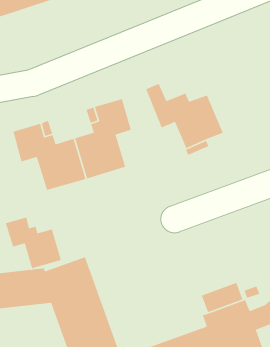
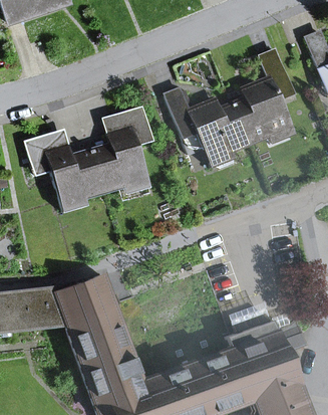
building: none -> [232,52,293,144]
building: [5,216,62,269] -> none

